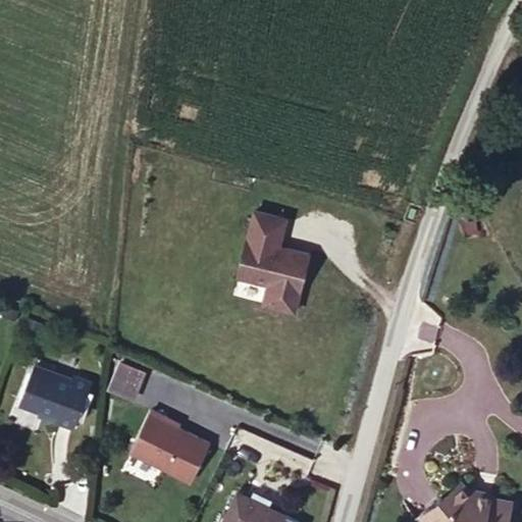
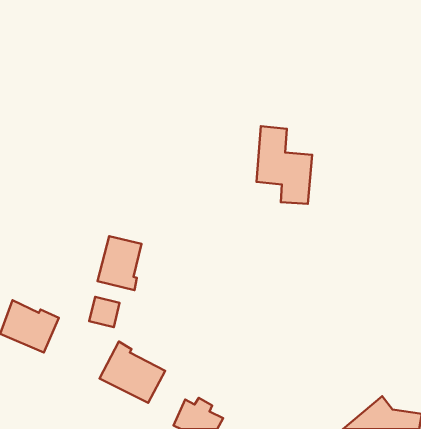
building: [243,227,310,321] -> [256,126,312,204]
building: none -> [97,236,141,290]

